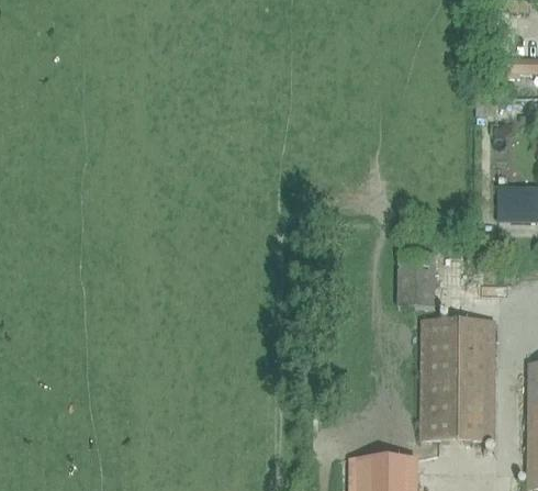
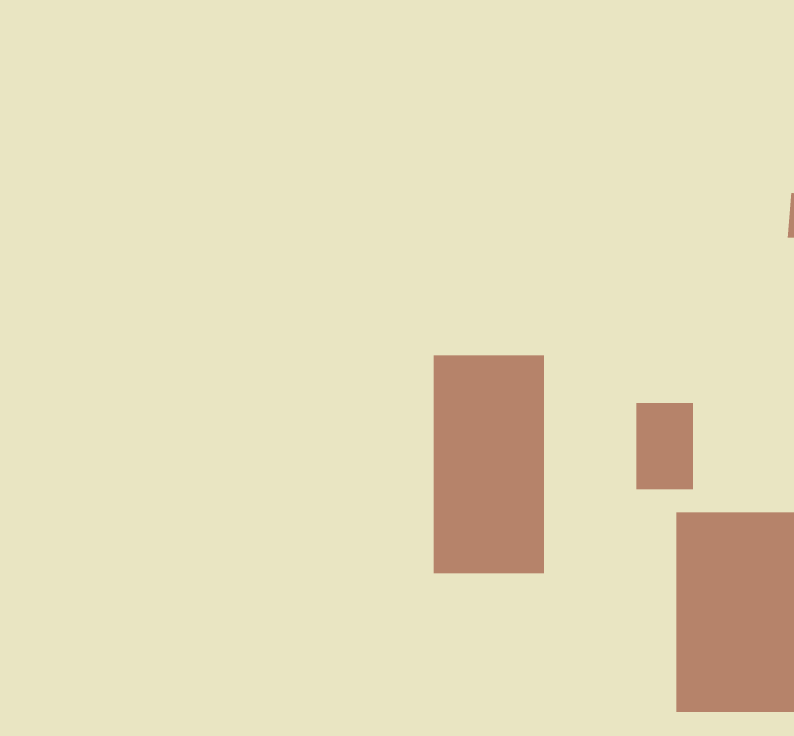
building: none -> [433,354,544,574]

